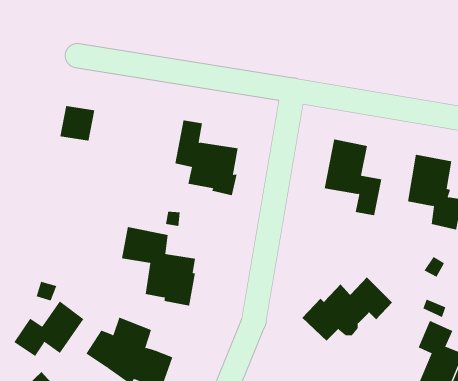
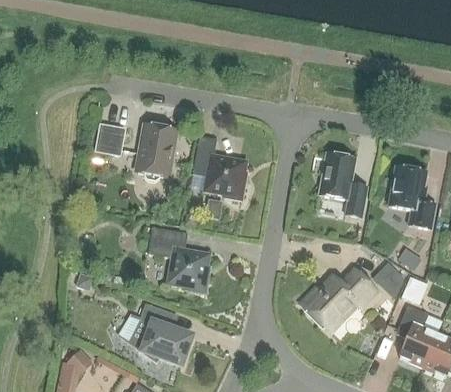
building: none -> [138,123,178,177]
building: none -> [374,263,403,296]
building: [13,301,84,357] -> none

